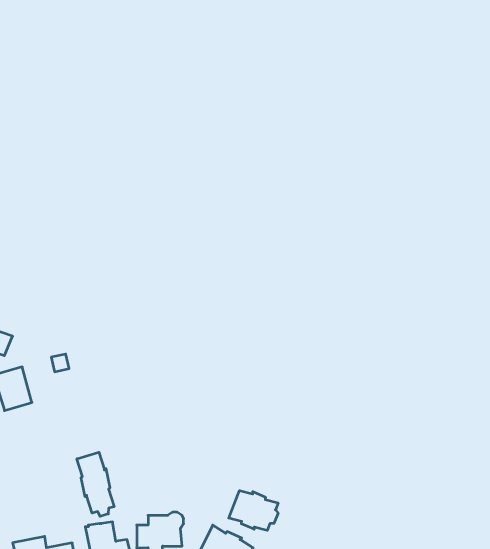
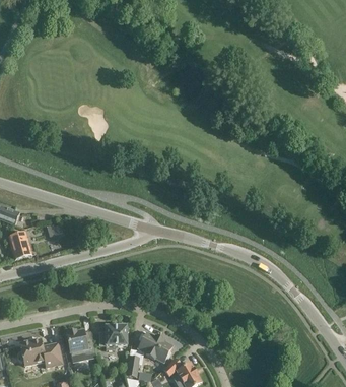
building: [77,452,114,516] -> none
building: [229,491,278,530] -> none

